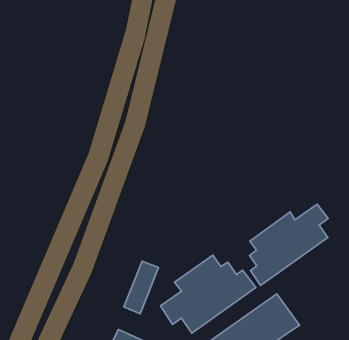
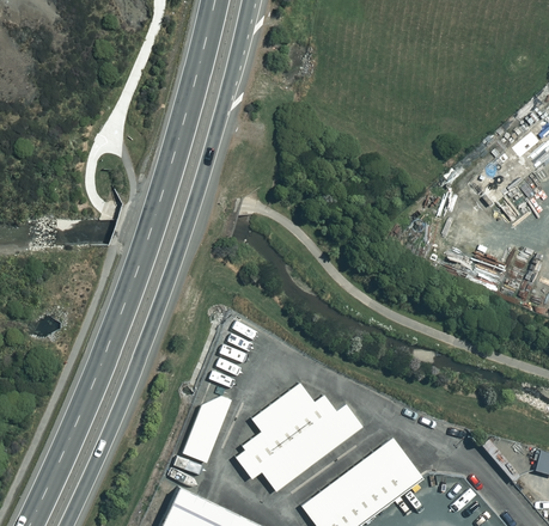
building: [250,204,328,286] -> none

